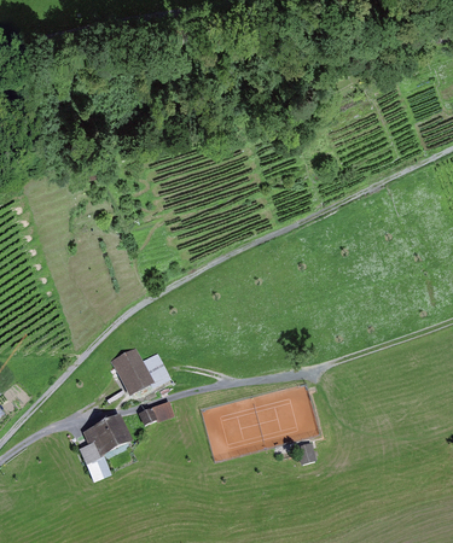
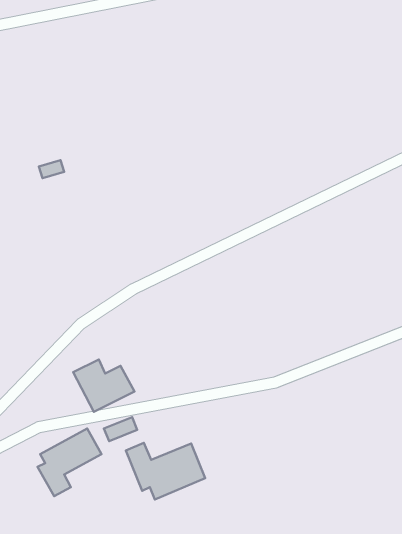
building: none -> [126,443,205,499]

